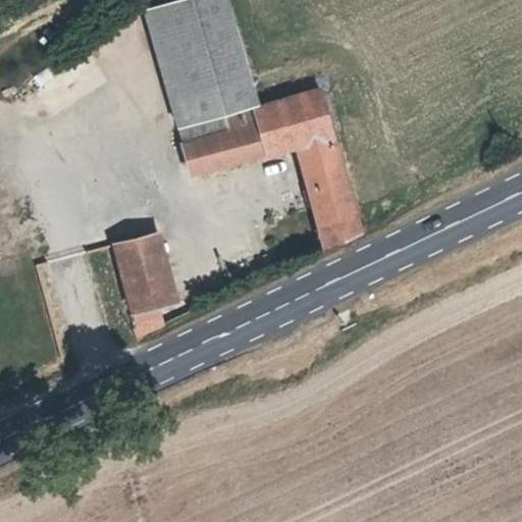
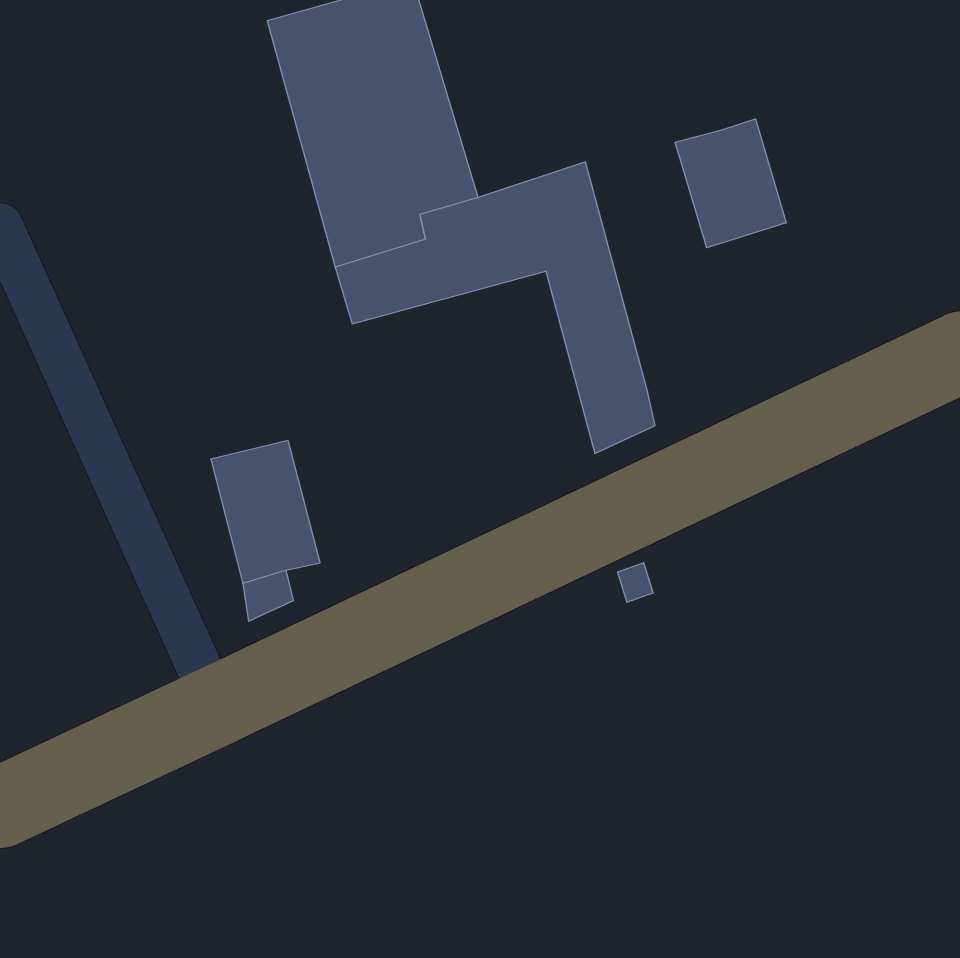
building: none -> [675,119,786,248]

